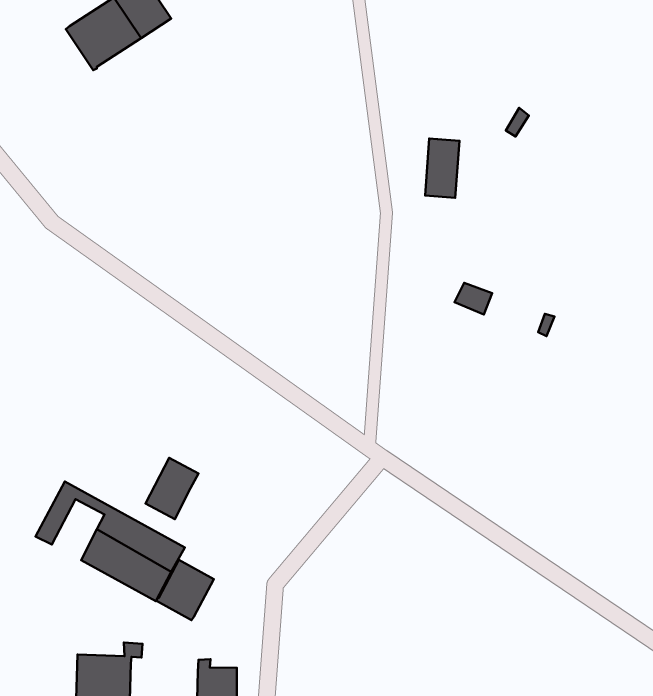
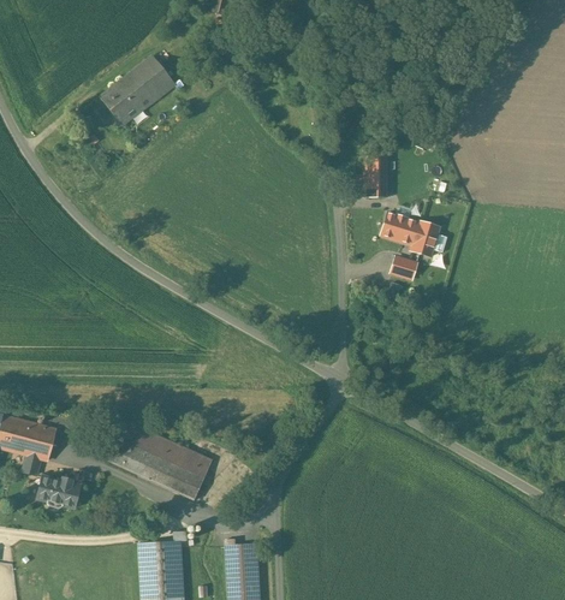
building: none -> [381,213,439,256]
building: [146,458,198,519] -> [117,432,153,475]
building: [156,560,214,620] -> none

